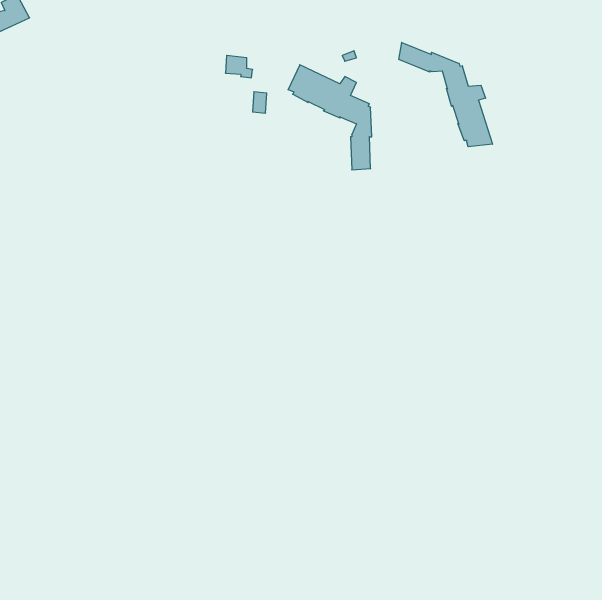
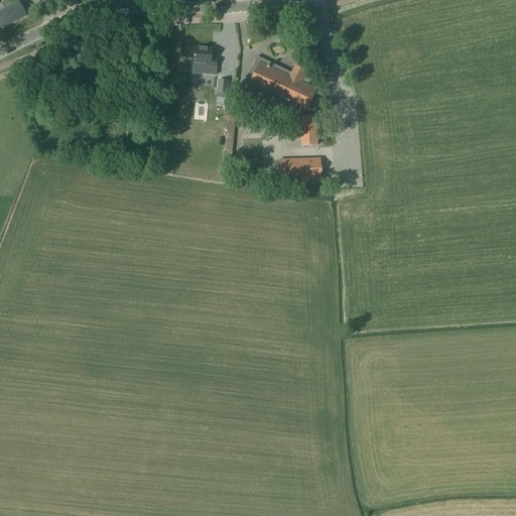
building: [399,42,492,147] -> none
building: none -> [278,158,318,180]

